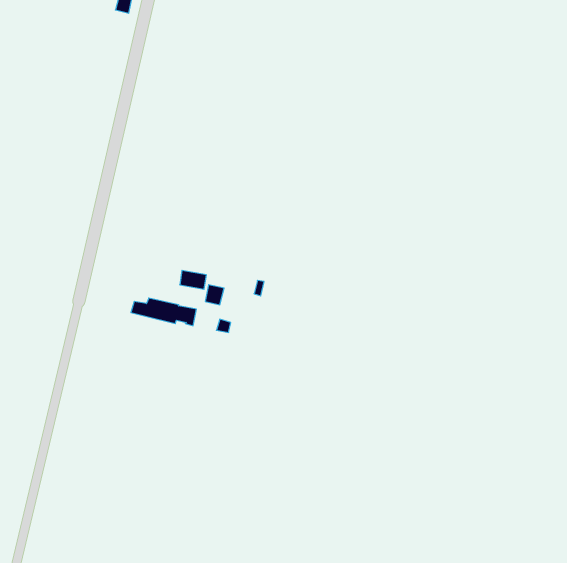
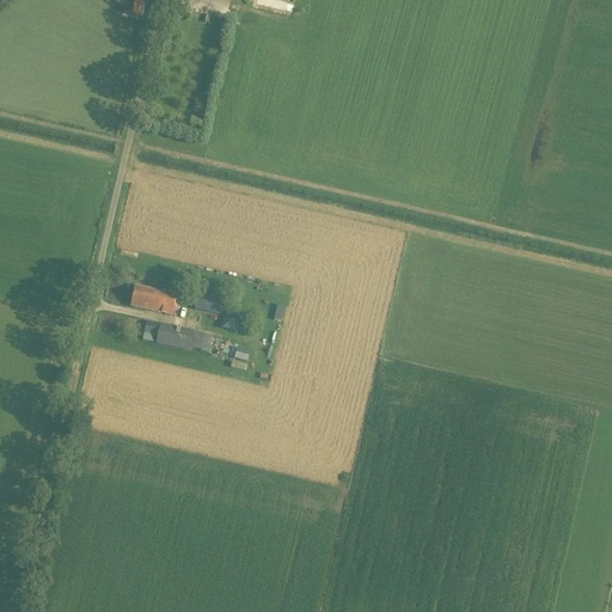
building: none -> [130,284,178,313]

